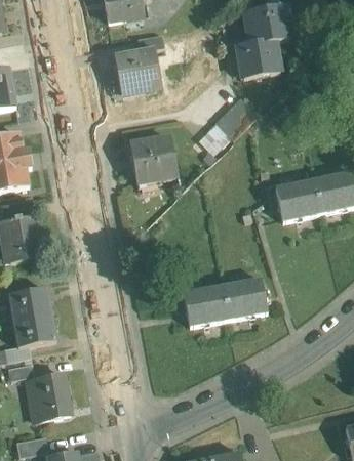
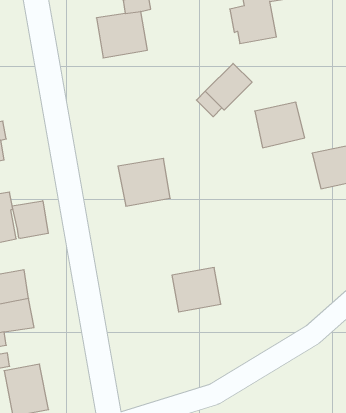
building: [129,137,178,181] -> [118,158,170,206]
building: [275,179,321,221] -> [255,102,305,148]
building: none -> [12,201,48,238]
building: [223,279,267,319] -> none

